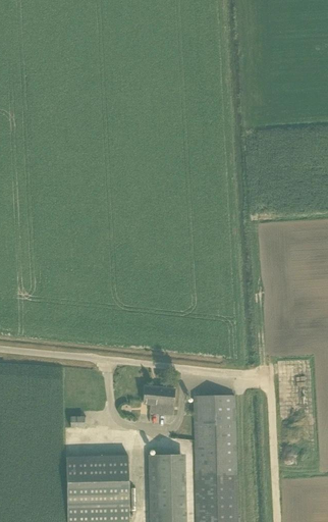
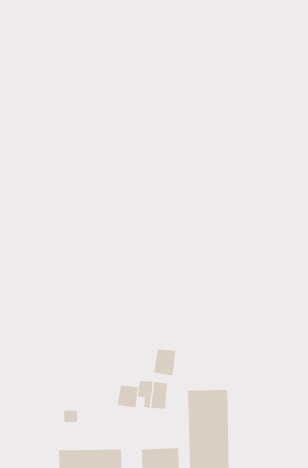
building: none -> [154,349,176,376]
building: none -> [117,385,138,408]

